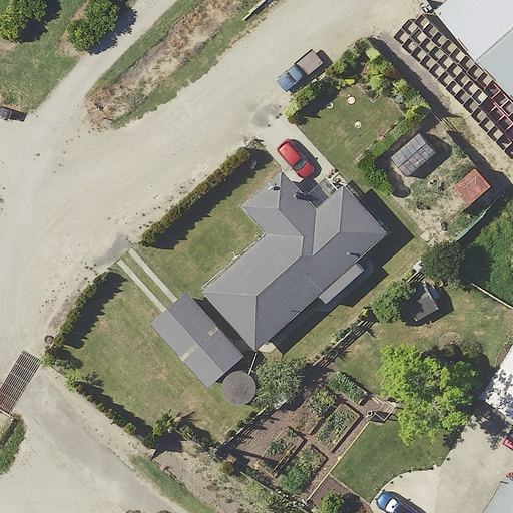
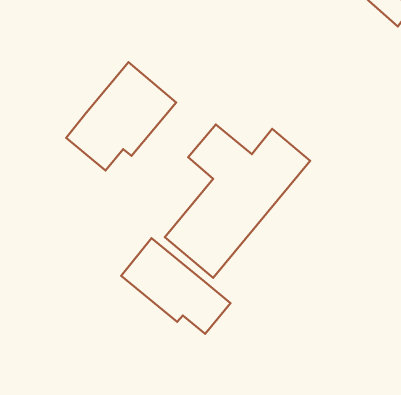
building: none -> [66,62,176,170]

